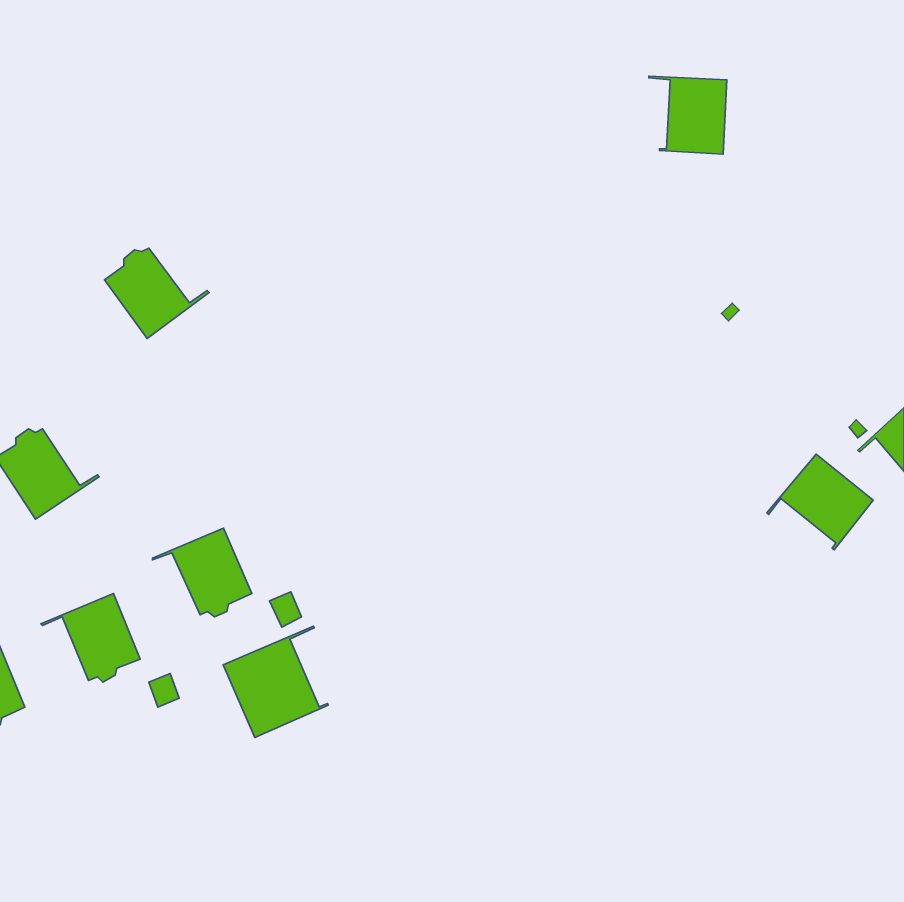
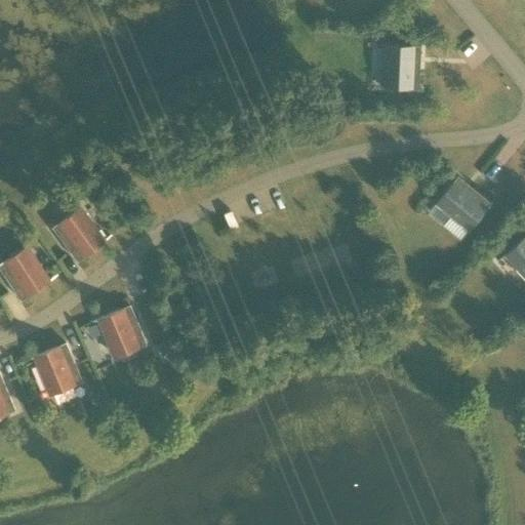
building: [104,248,209,338] -> [52,211,113,264]
building: [767,454,873,550] -> [429,178,490,234]
building: [223,626,328,738] -> none

